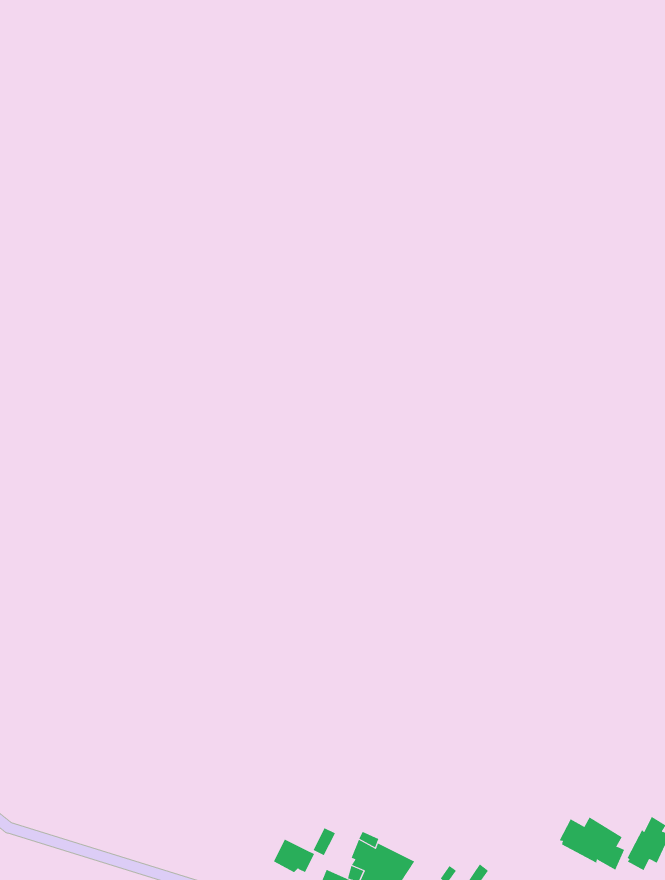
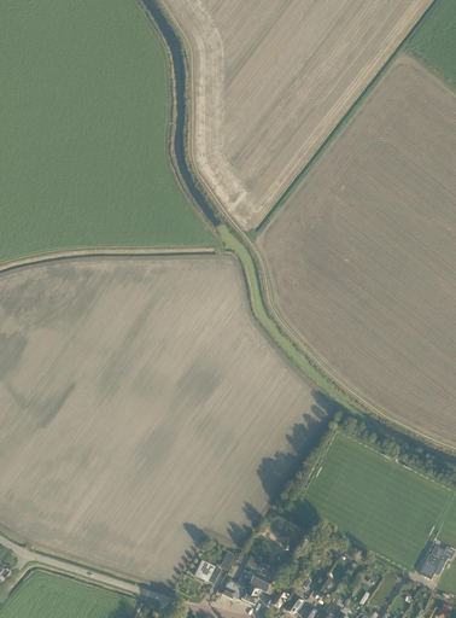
building: [559,817,625,870] -> none

